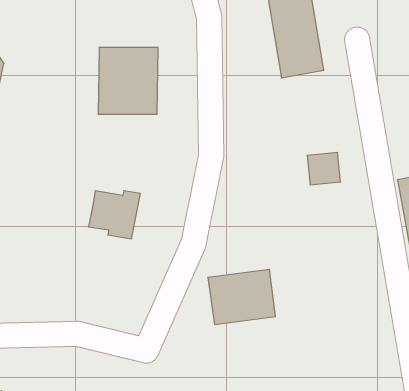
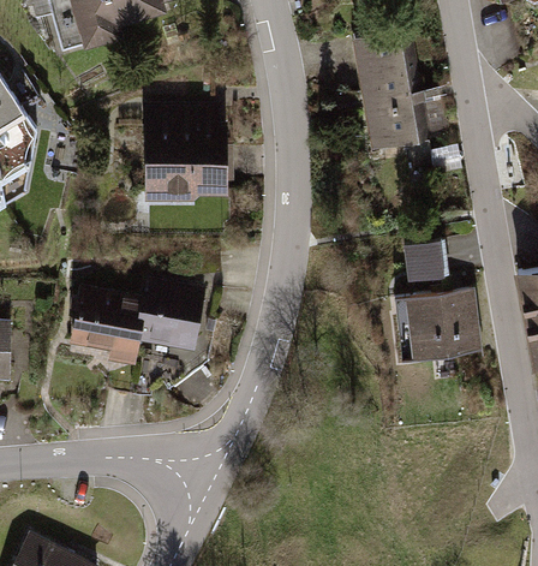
building: none -> [72,291,145,353]
building: [208,270,275,324] -> [395,293,478,361]

